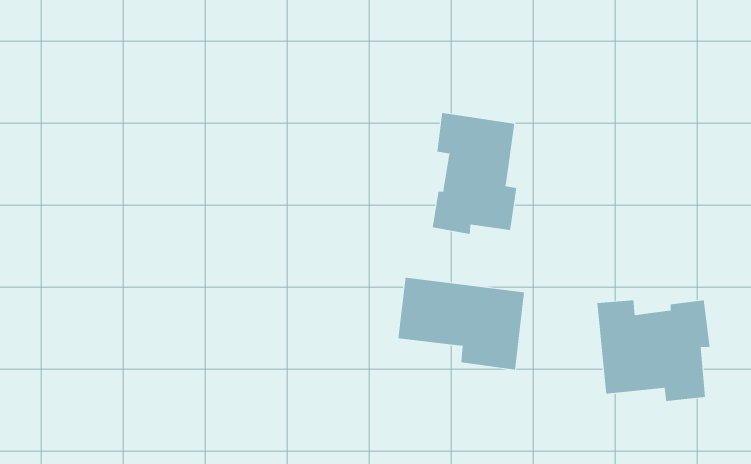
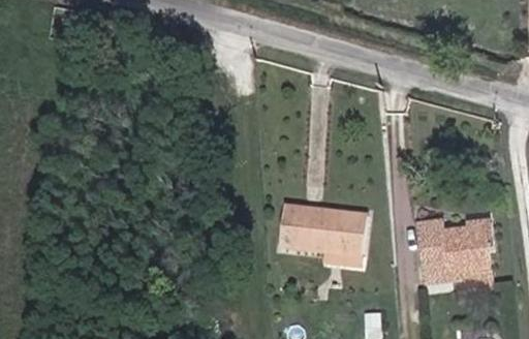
building: [432,112,517,235] -> none

